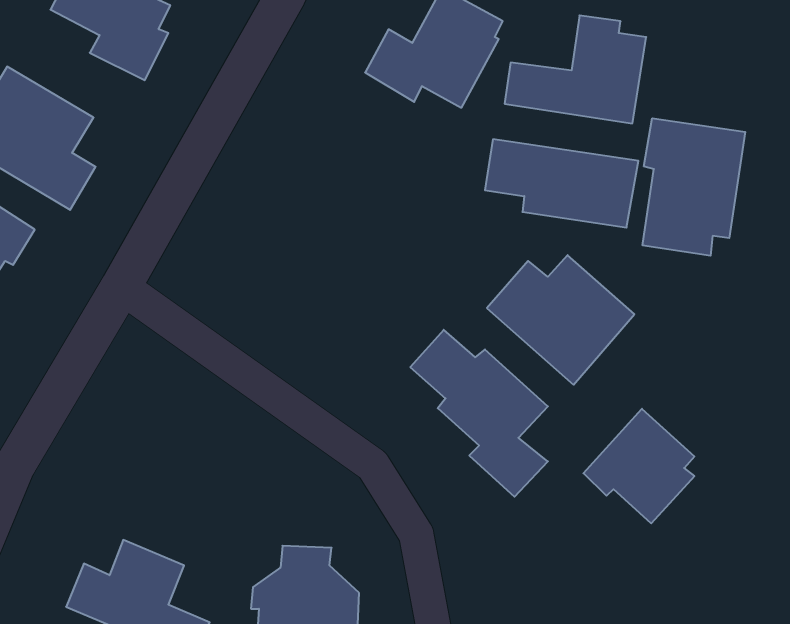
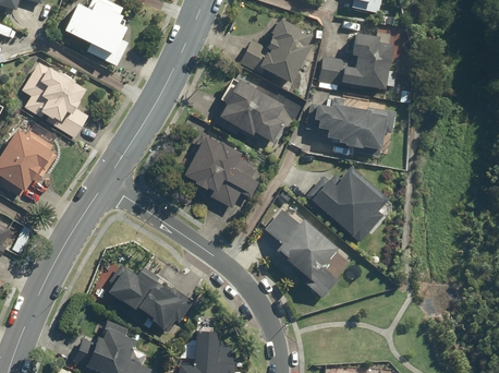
building: none -> [214,74,285,140]
building: [643,118,745,256] -> none
building: none -> [185,132,260,208]
building: [583,409,694,523] -> none
building: none -> [109,264,184,328]

